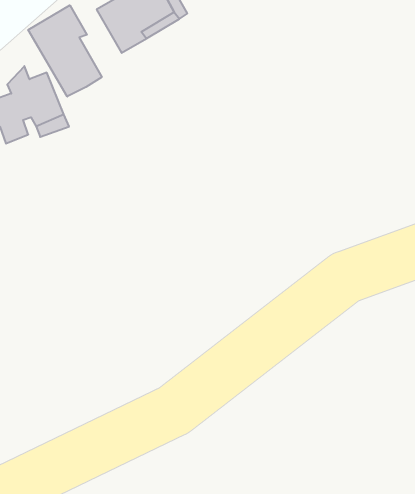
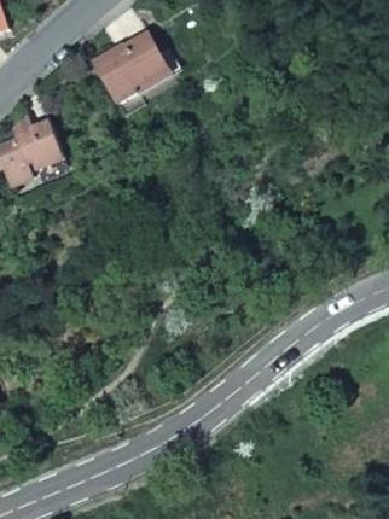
building: [28,5,102,97] -> none

